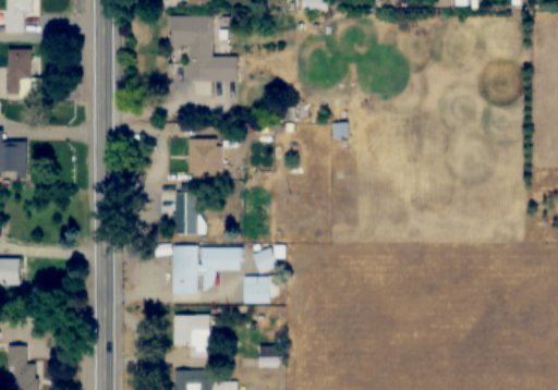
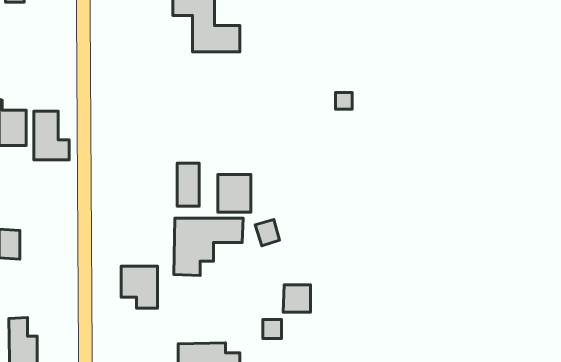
building: [8,49,43,97] -> [34,111,69,160]
building: [190,138,222,175] -> [218,175,251,212]
building: [243,276,270,303] -> [283,285,311,312]
building: [174,315,210,356] -> [121,266,157,308]

